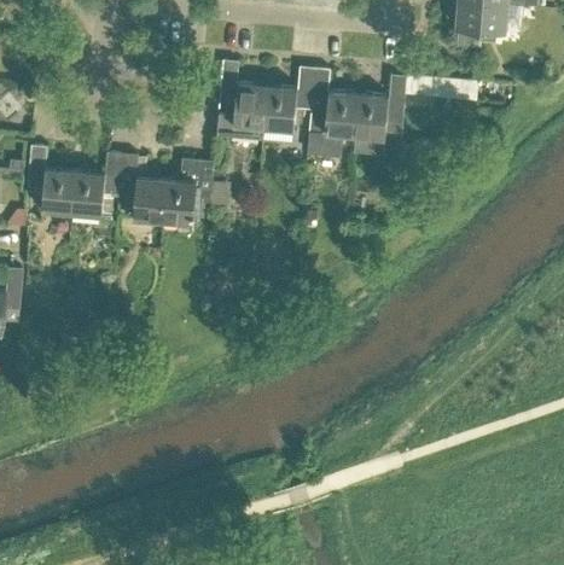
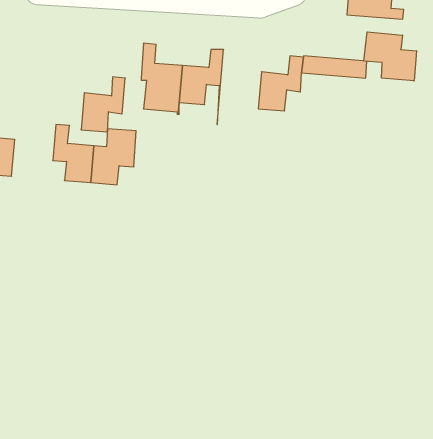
building: none -> [364,32,416,81]
building: [307,69,357,157] -> none
building: [71,153,122,216] -> [81,77,125,132]

